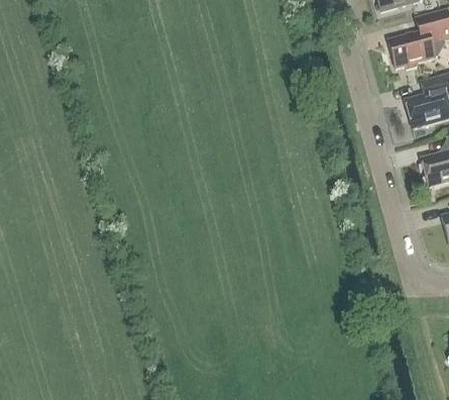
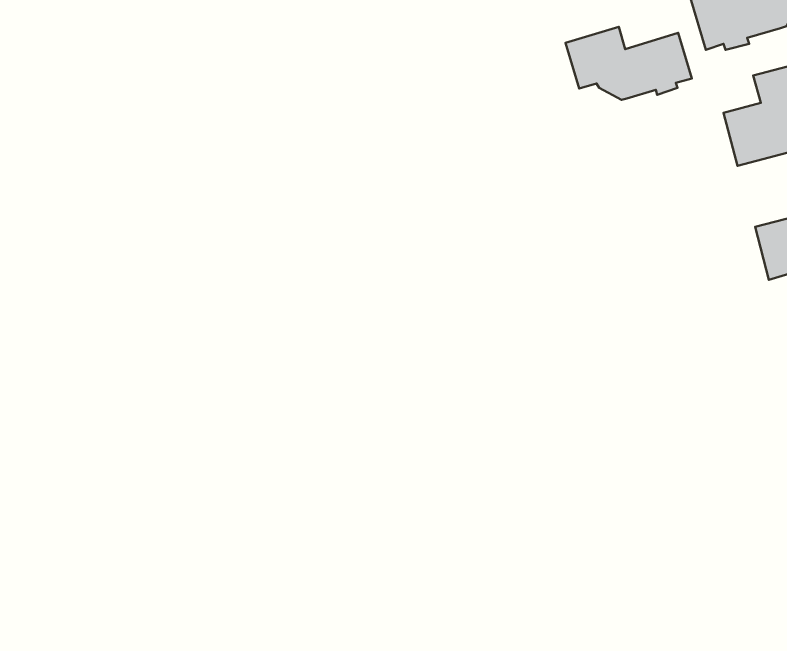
building: none -> [566,27,692,100]

